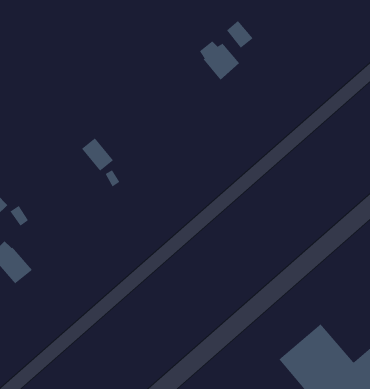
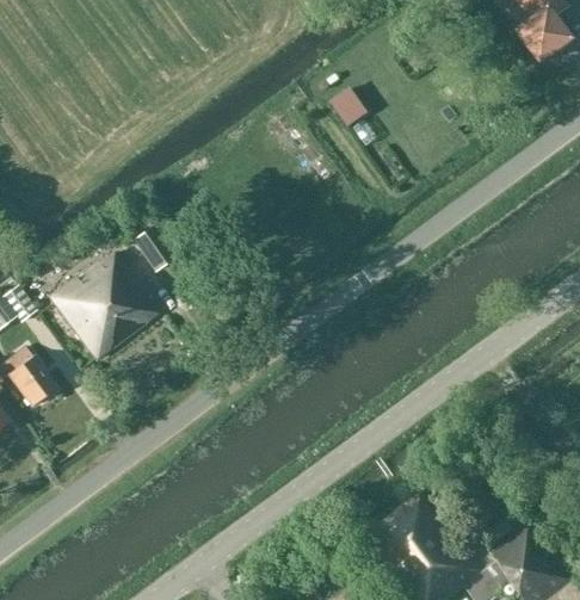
building: [199,40,240,80] -> none
building: none -> [50,252,159,359]

